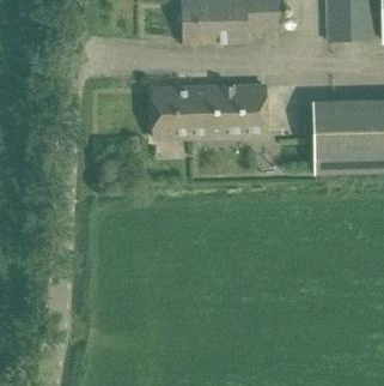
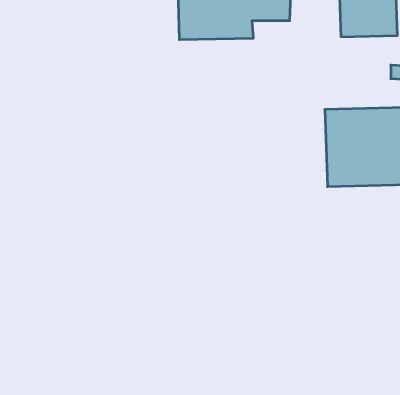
building: [153,84,266,147] -> none

